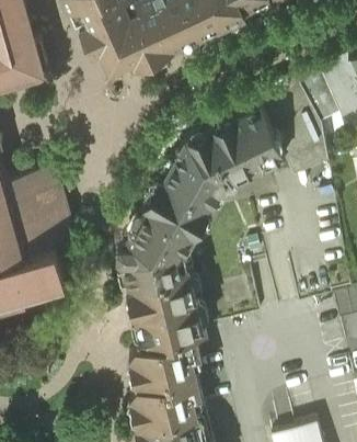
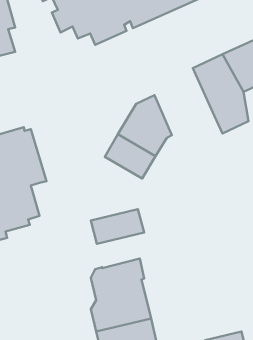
building: [209,105,285,180] -> none
building: [120,207,194,287] -> none
building: [137,303,204,348] -> none

